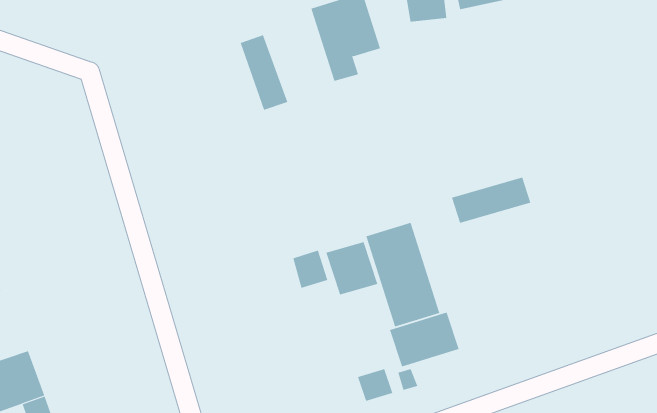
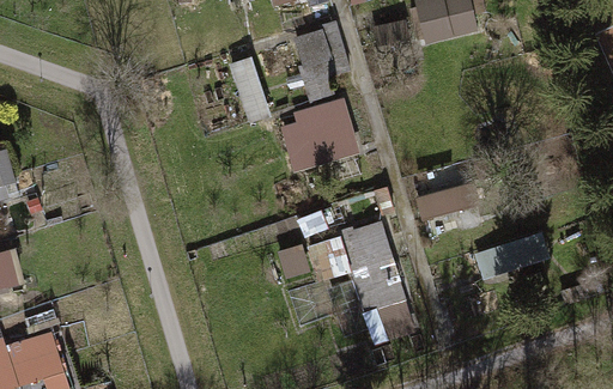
building: none -> [279,98,357,171]
building: none -> [473,233,548,281]

